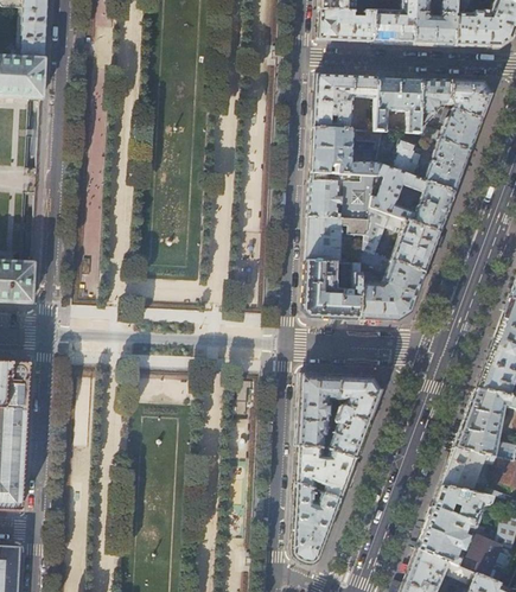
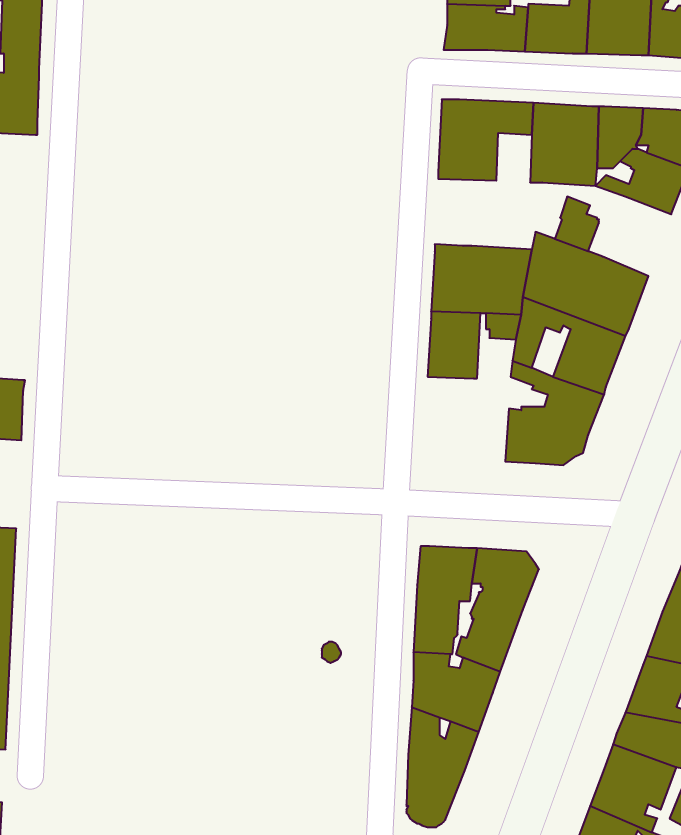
building: [311,127,383,174] -> none
building: [423,139,470,192] -> none
building: [304,260,361,317] -> none

